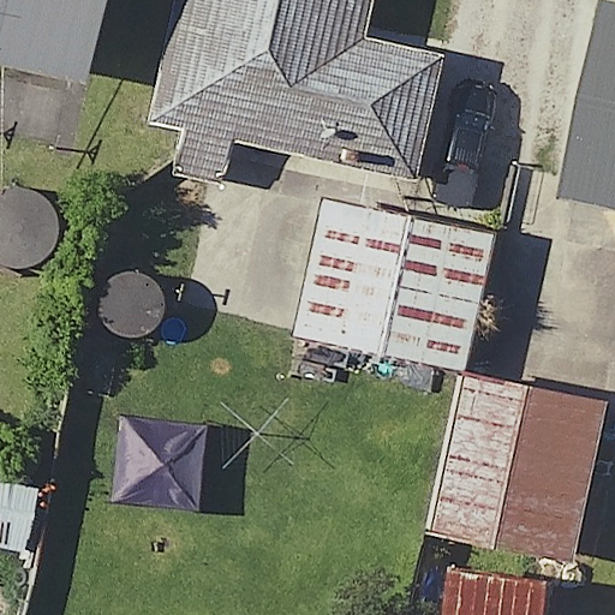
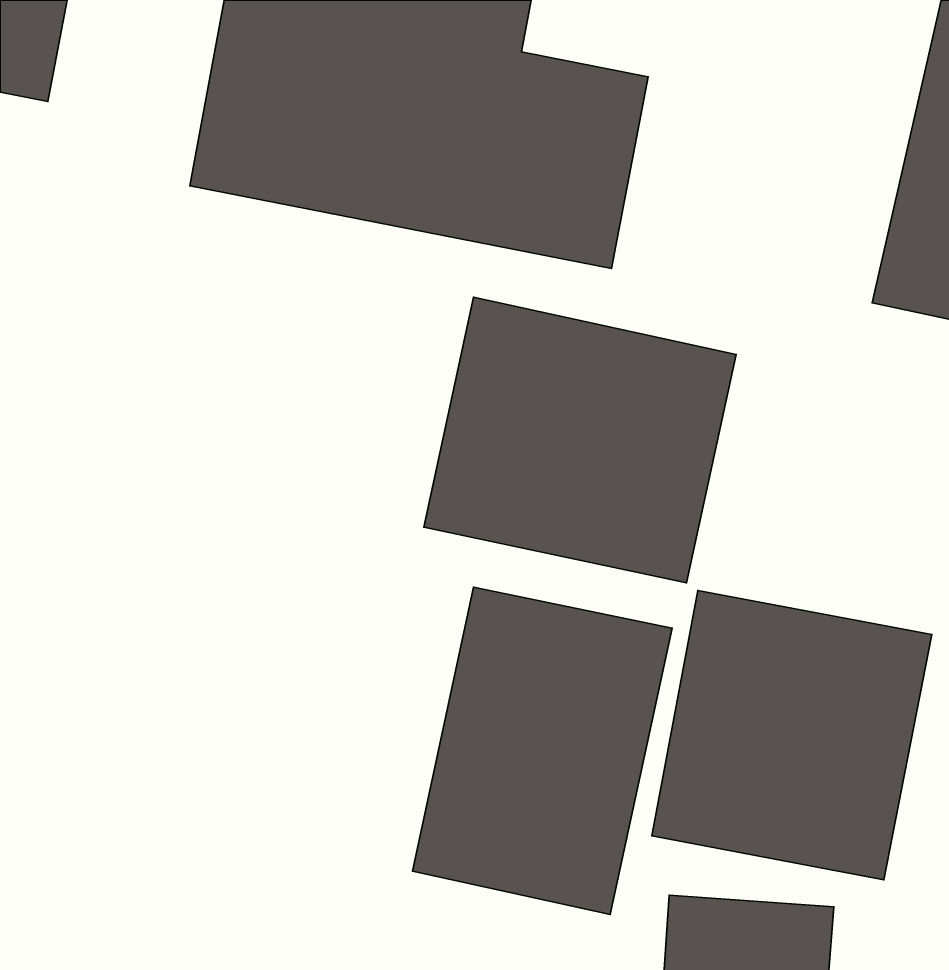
building: none -> [412,587,672,914]

